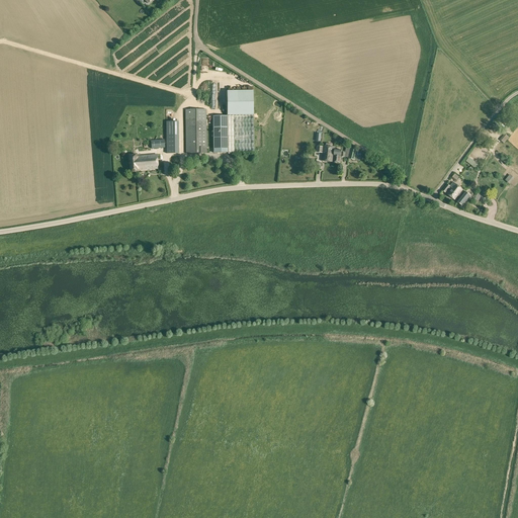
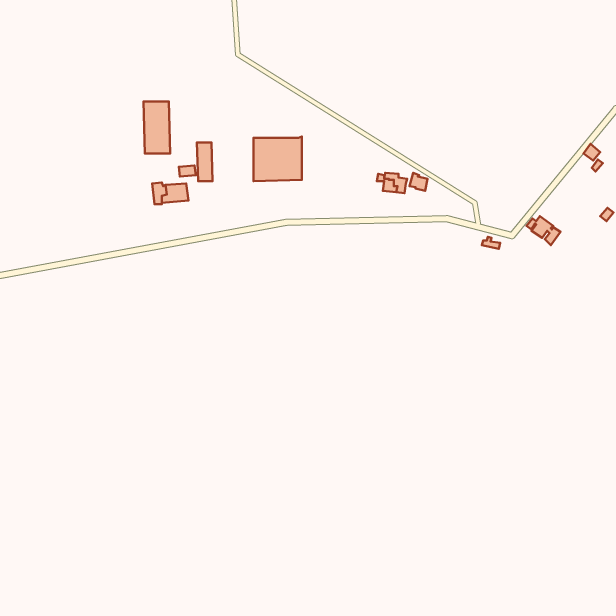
building: [226,90,250,115] -> none
building: [184,108,206,152] -> [143,102,170,154]

